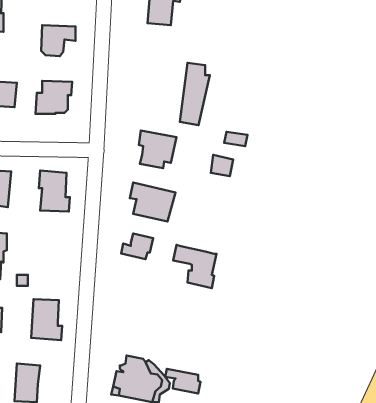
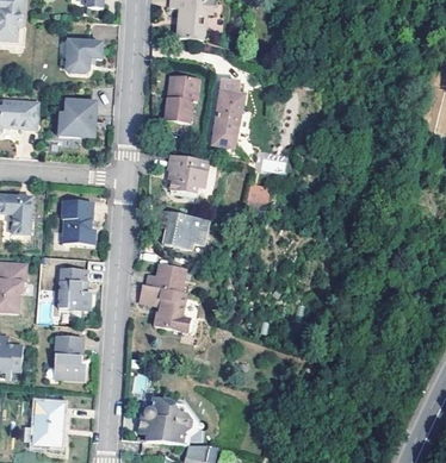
building: none -> [165,75,200,123]
building: none -> [56,265,91,306]
building: [173,245,216,288] -> [141,284,187,331]
building: [165,369,201,394] -> none

